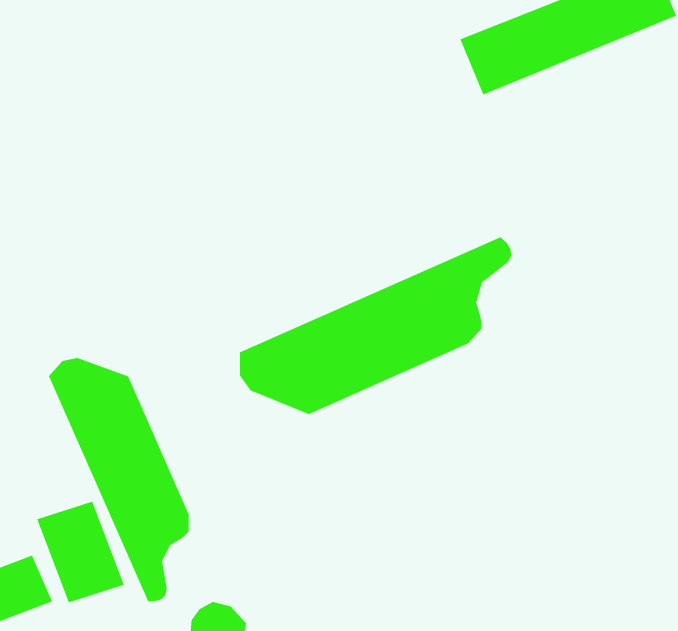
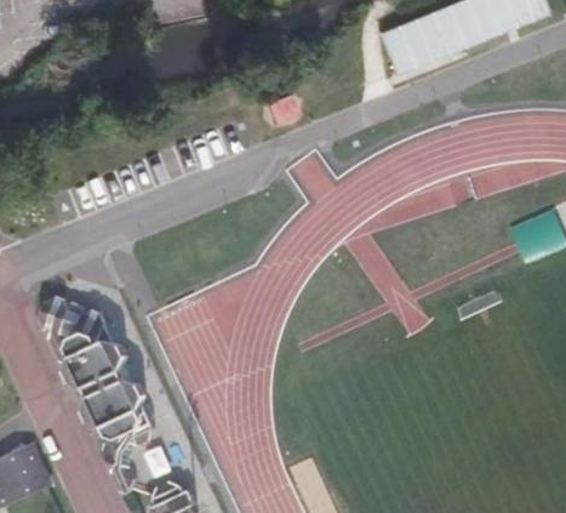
building: [239,237,512,415] -> none
building: [36,501,125,603] -> none

